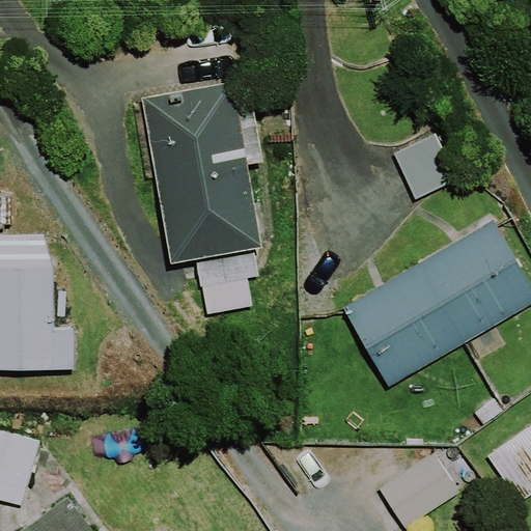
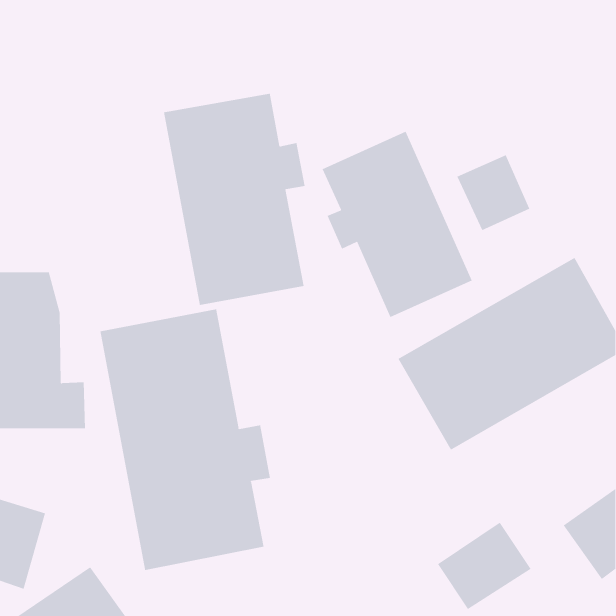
building: none -> [322,131,472,318]
building: none -> [100,309,270,571]

